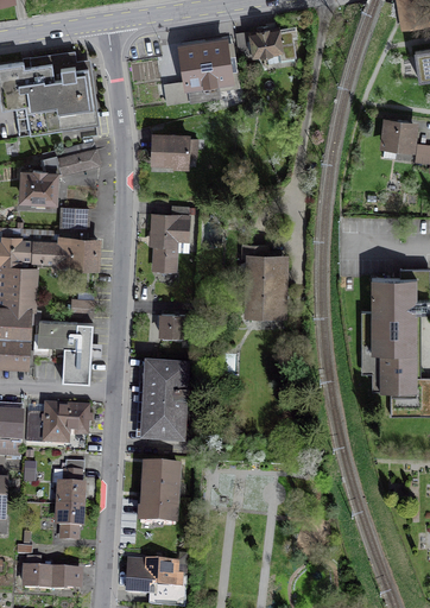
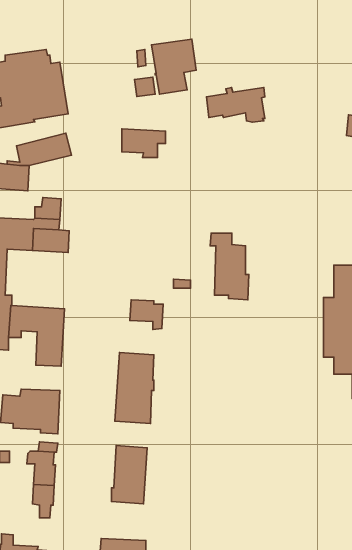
building: [235,25,296,61] -> [206,88,265,122]
building: [151,204,188,268] -> none

